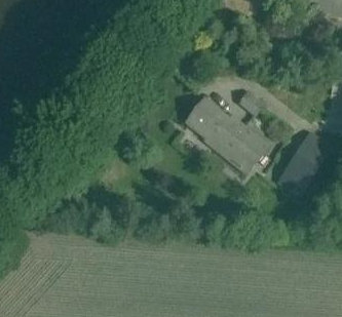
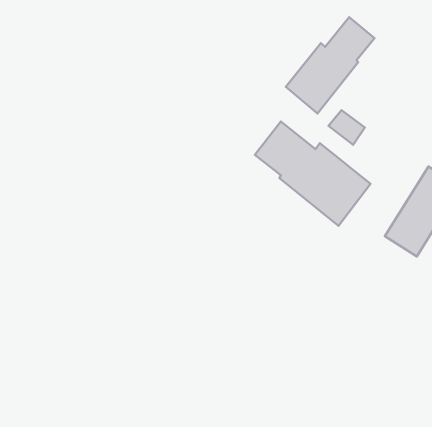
building: none -> [286,17,375,114]

